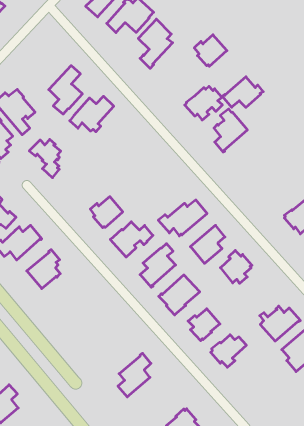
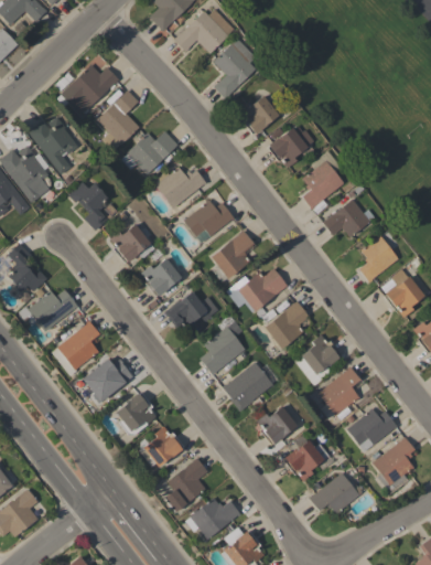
building: [194,35,227,66] -> [238,95,279,135]
building: none -> [60,64,119,116]
building: [222,77,263,107] -> [322,199,374,237]
building: none -> [151,167,206,209]
building: none -> [183,200,234,237]
building: none -> [110,218,153,263]
building: none -> [359,235,399,282]
building: none -> [211,230,255,281]
building: none -> [317,365,360,415]
building: none -> [83,358,133,405]
building: none -> [116,392,157,435]
building: none -> [143,426,183,467]
building: none -> [309,472,359,514]
building: none -> [184,498,240,539]

